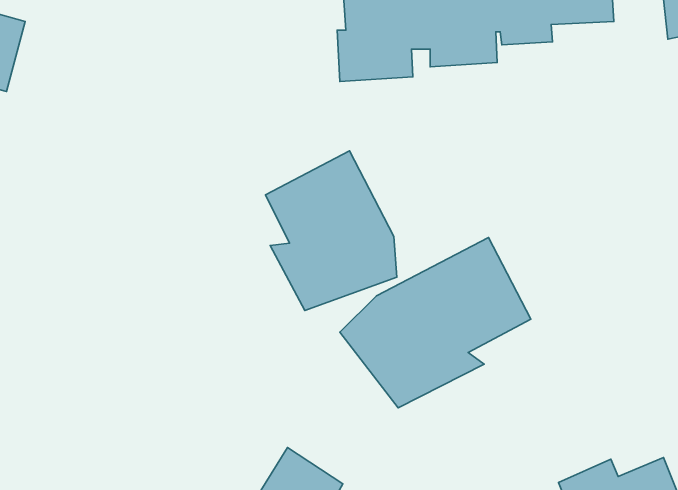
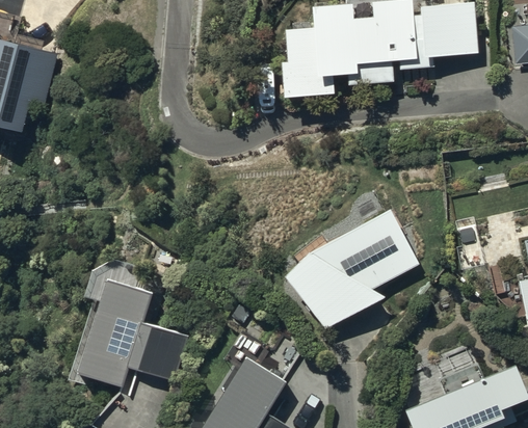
building: [265,151,397,310] -> none
building: none -> [77,259,189,381]

